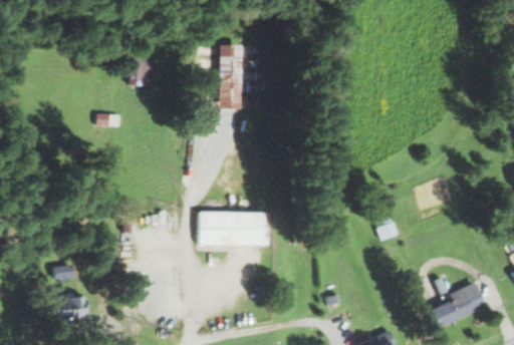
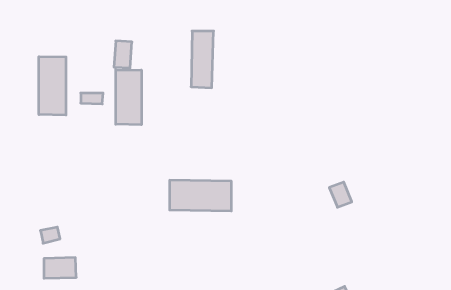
building: none -> [39,57,66,115]
building: none -> [116,70,141,125]
building: [427,283,485,328] -> none

